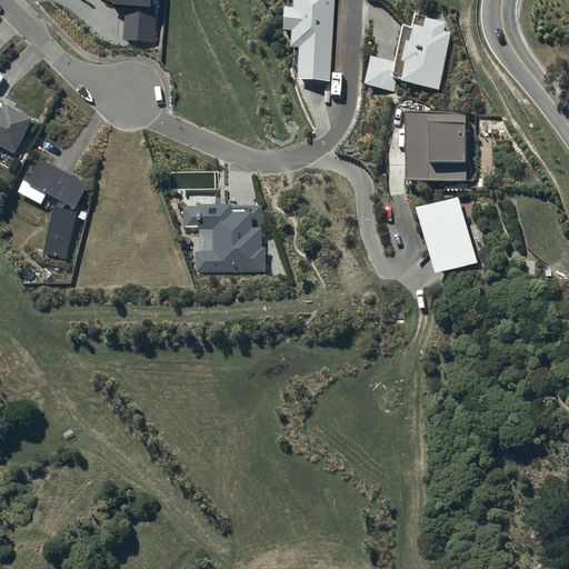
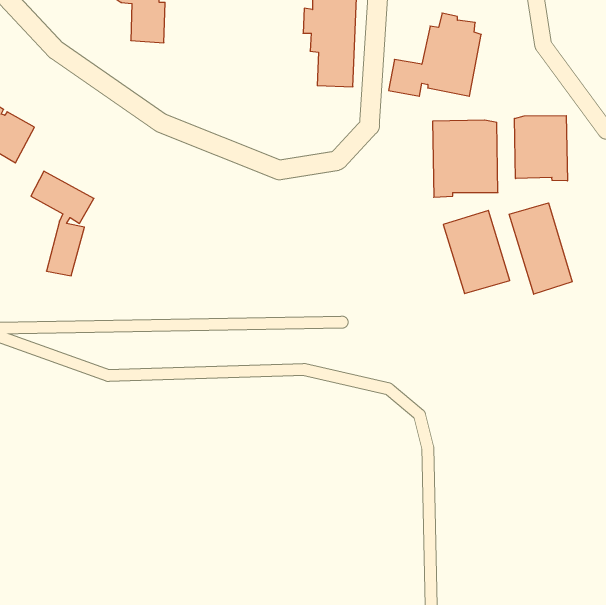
building: none -> [514,116,567,181]
building: none -> [509,203,572,294]
building: [183,206,264,271] -> none

